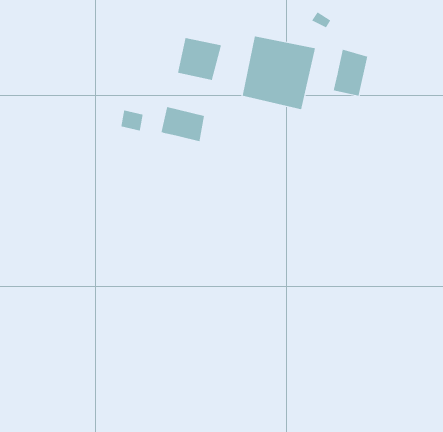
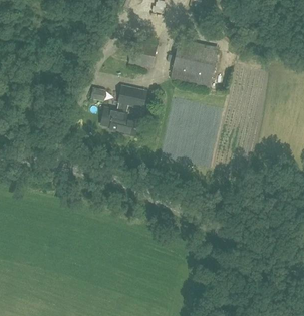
building: [333,49,368,97] -> none
building: none -> [100,102,138,136]

